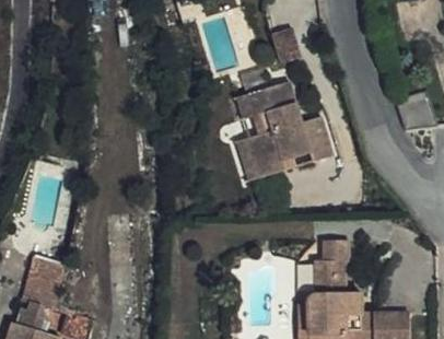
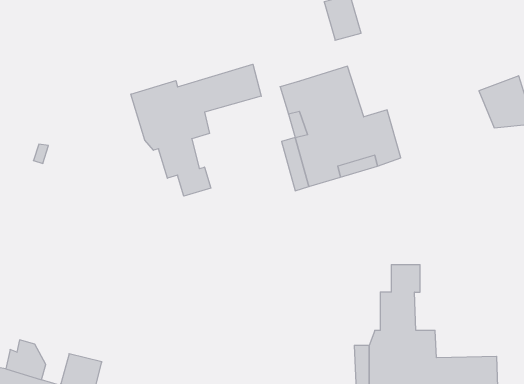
building: none -> [131,64,261,196]
building: [23,255,66,306] -> none

